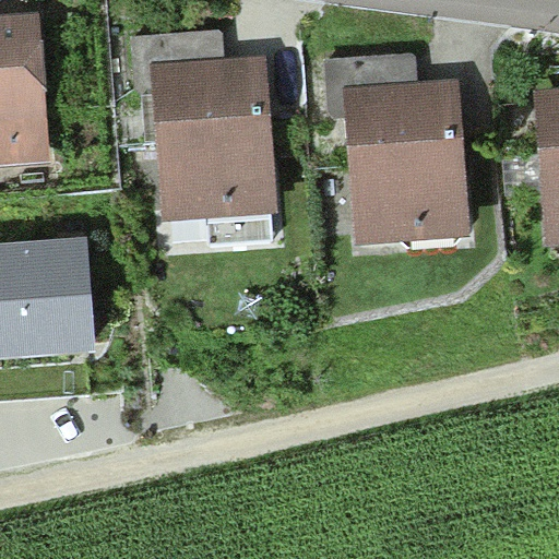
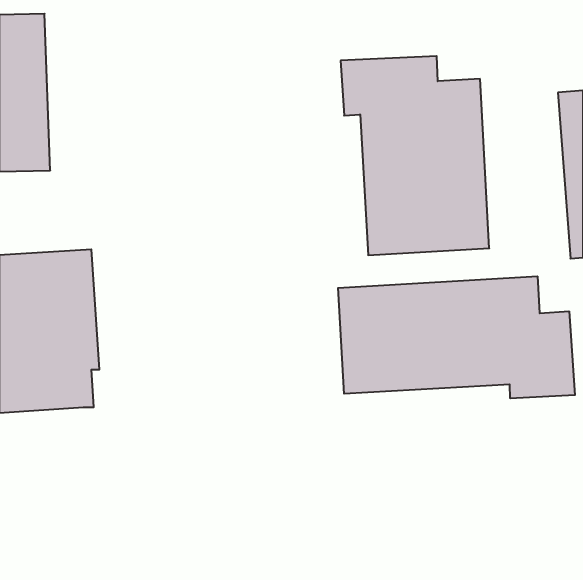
building: [132,29,278,222] -> none
building: none -> [338,276,575,398]

